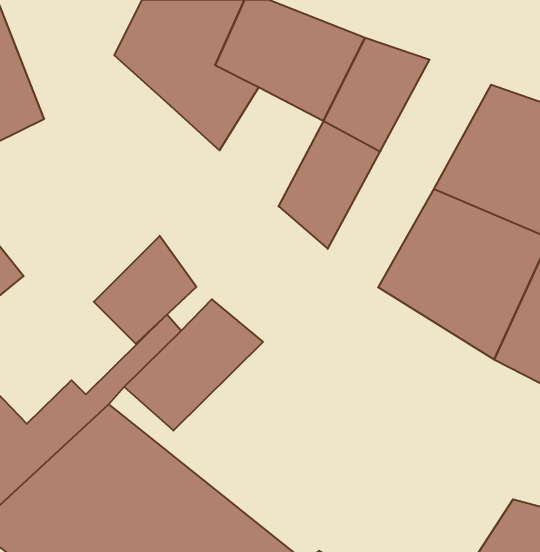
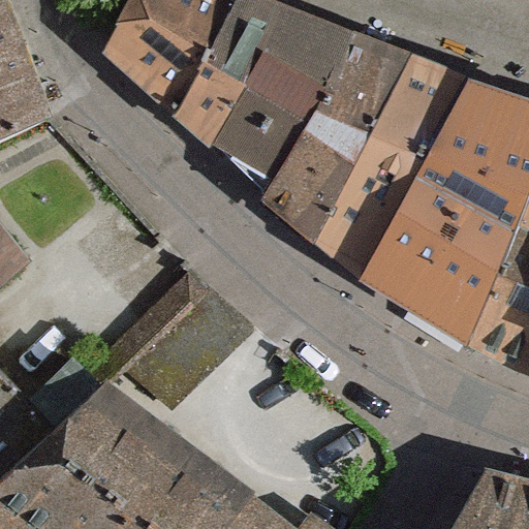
building: none -> [314,57,468,272]
building: none -> [212,83,310,195]
building: [94,236,196,344] -> none

